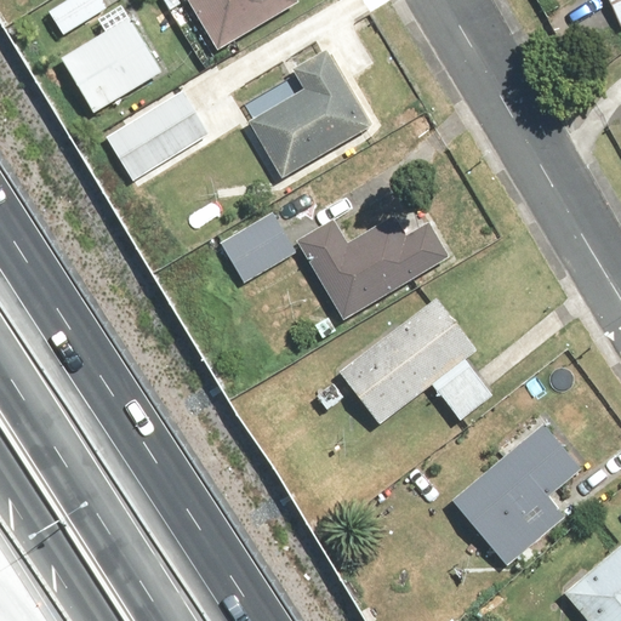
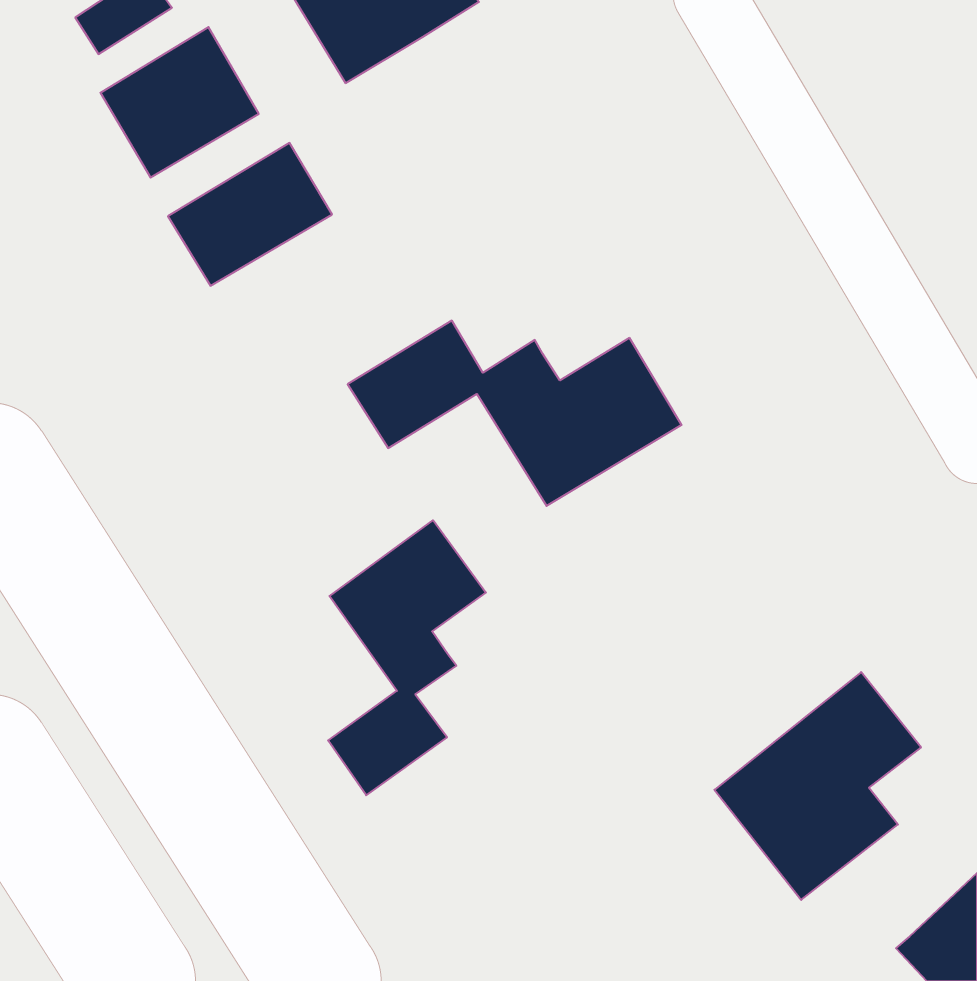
building: [249,50,371,178] -> none
building: [313,297,490,425] -> none
building: none -> [328,520,486,795]

